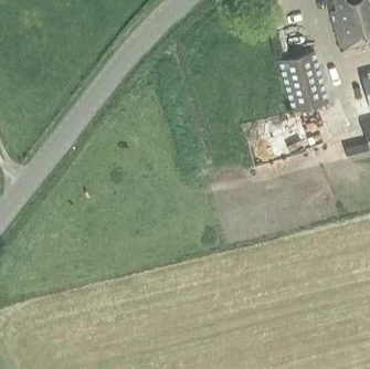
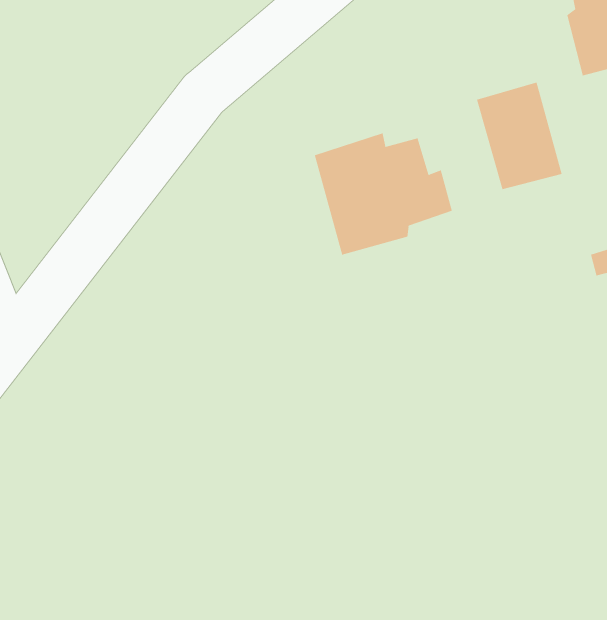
building: none -> [314,132,452,255]

